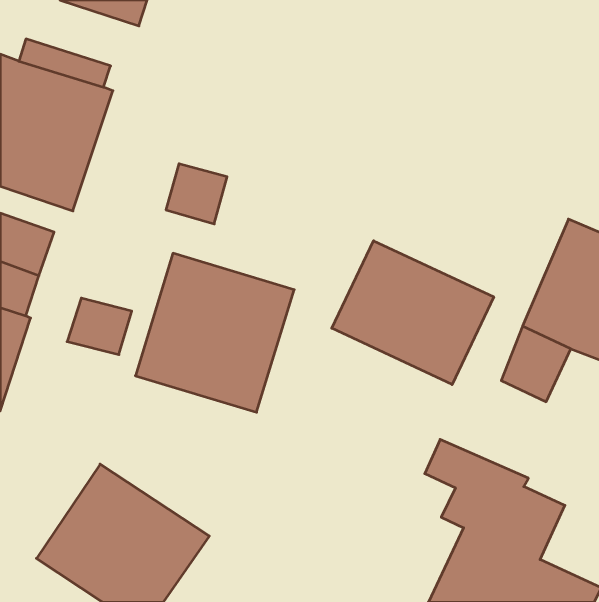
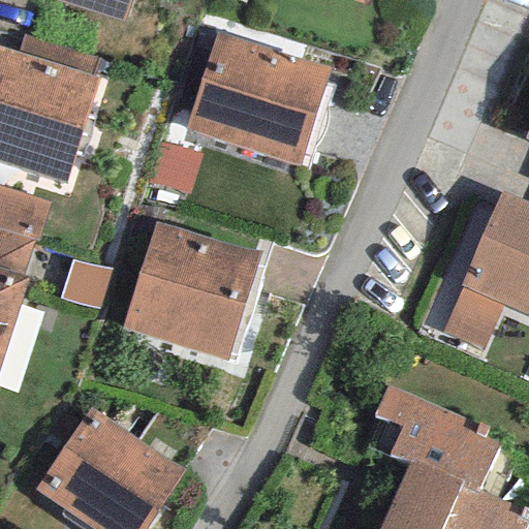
building: none -> [185,32,331,165]
building: [332,241,494,385] -> none

